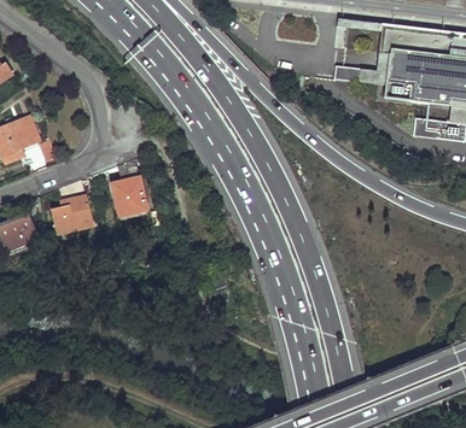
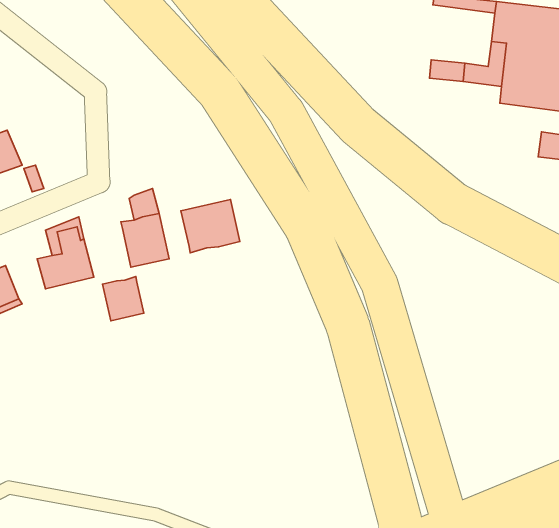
building: none -> [181,200,240,253]
building: none -> [103,277,144,321]

